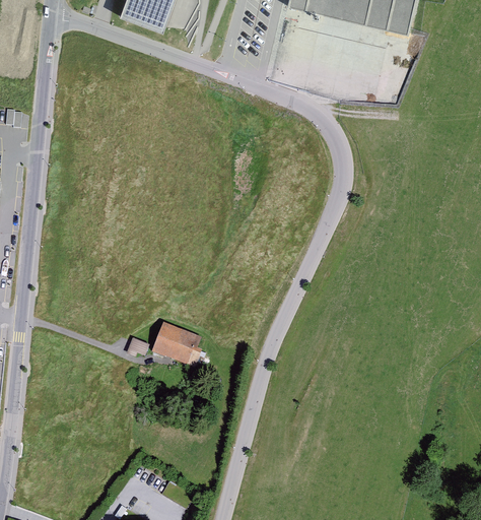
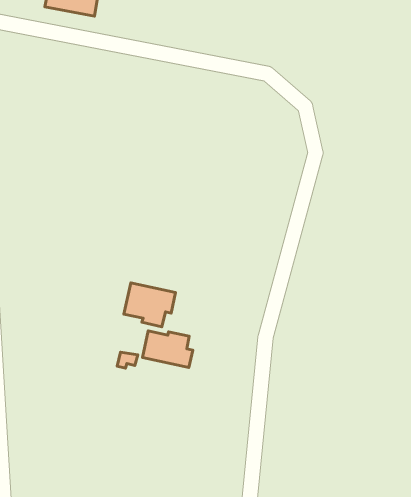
building: none -> [124,283,176,327]

